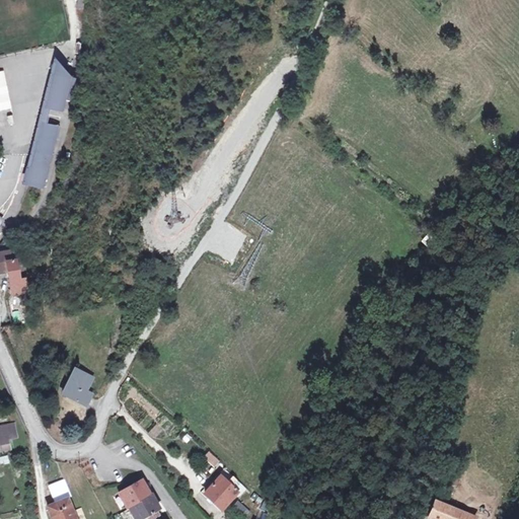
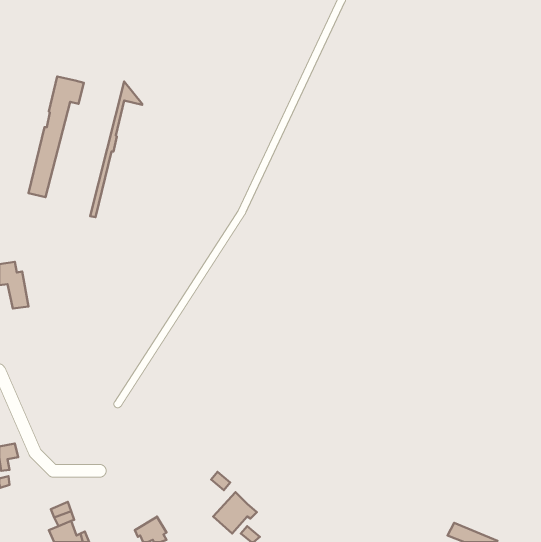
building: [22,55,72,184] -> [90,81,142,217]
building: [63,368,92,406] -> none
building: [120,479,149,507] -> none

